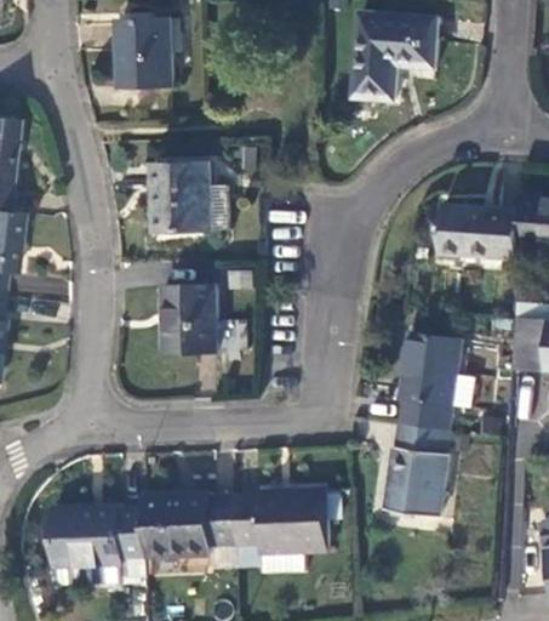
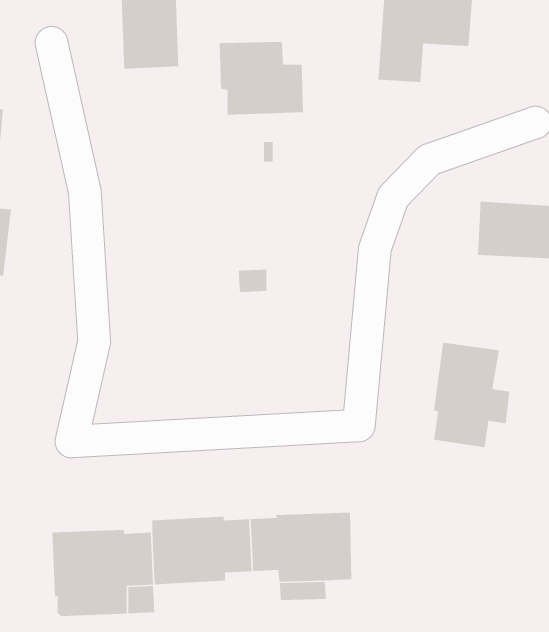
building: [151,164,229,232] -> [219,41,304,116]
building: [162,283,216,352] -> none
building: [384,423,448,517] -> none

